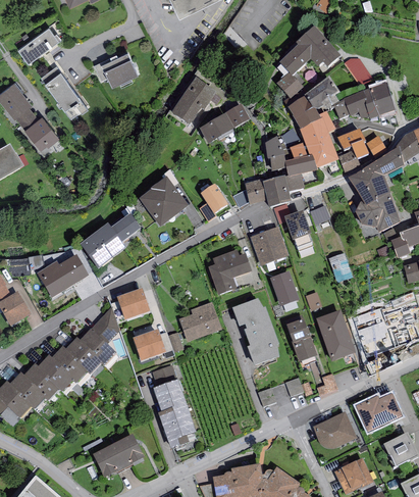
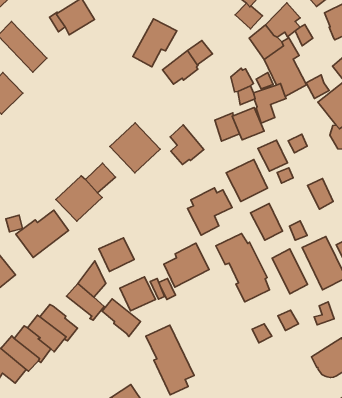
building: [343,90,370,118] -> none
building: [337,129,369,158] -> none
building: [65,336,102,375] -> [102,299,141,336]

